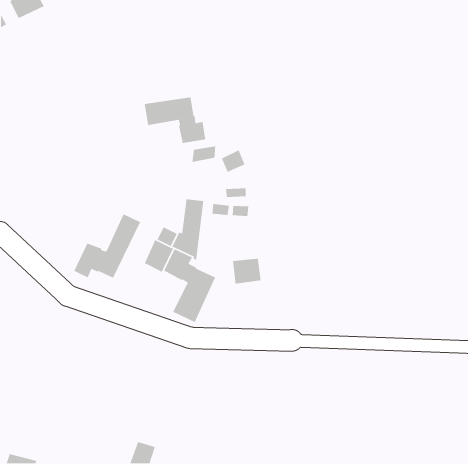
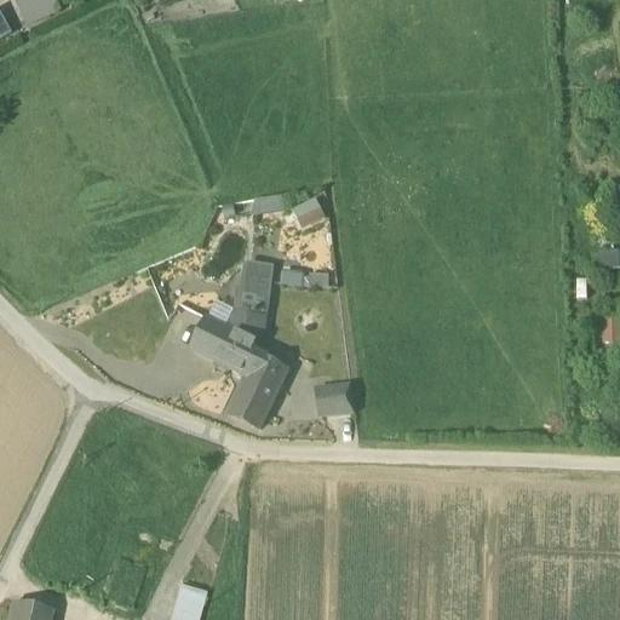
building: [144,96,206,144] -> none
building: [73,213,141,279] -> none
building: [232,258,261,284] -> [314,381,352,417]

